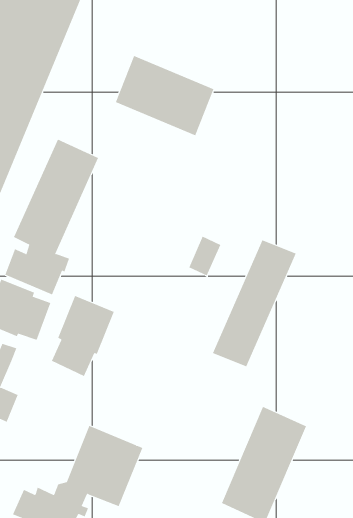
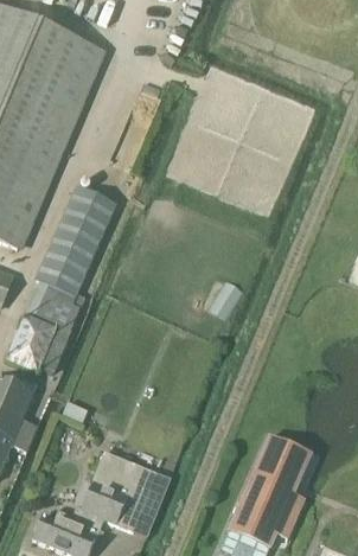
building: [115,55,214,136] -> none
building: [212,240,297,367] -> none
building: [51,295,114,377] -> none

